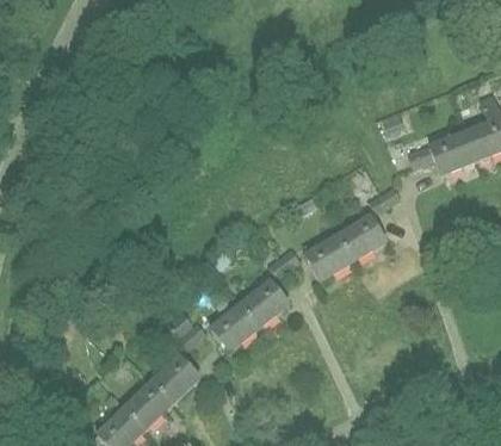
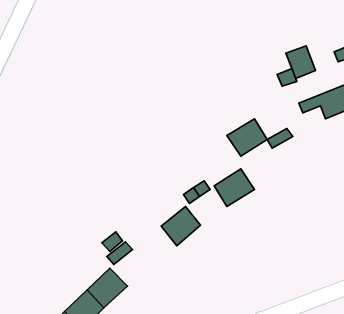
building: none -> [286,46,316,79]
building: [338,213,386,259] -> [227,119,267,156]
building: [211,303,260,351] -> none

